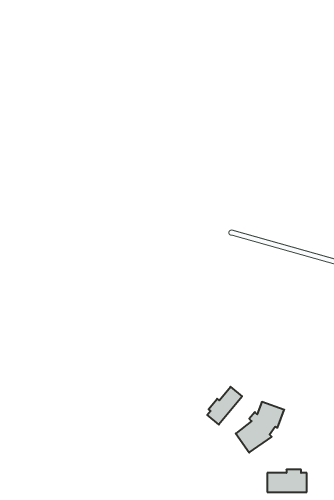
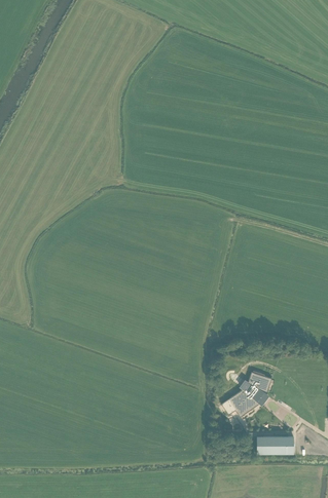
building: [207,387,242,425] -> none

